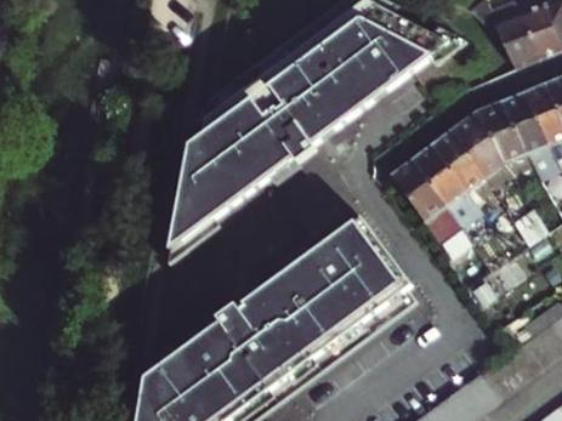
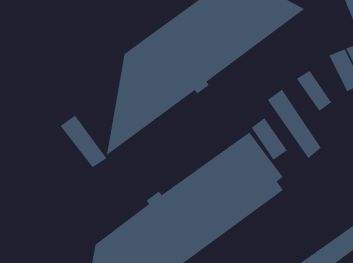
building: [450,114,503,180] -> none
building: [411,146,464,207] -> [251,117,288,161]
building: none -> [60,115,107,168]

